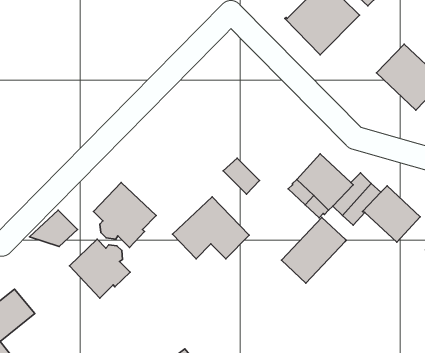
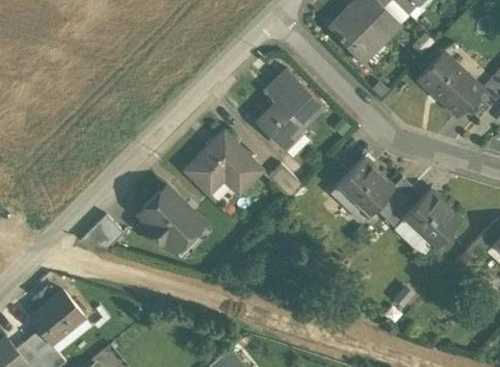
building: none -> [257,69,323,147]
building: [173,197,249,259] -> [186,131,261,191]
building: [281,218,346,283] -> none
building: [70,239,130,298] -> none

